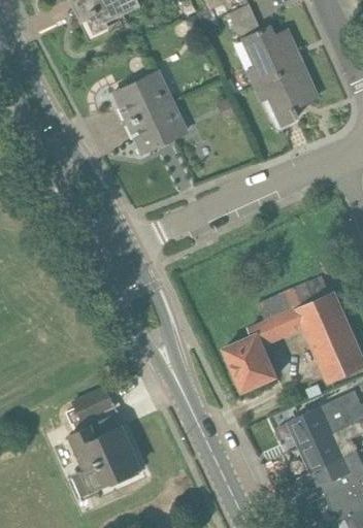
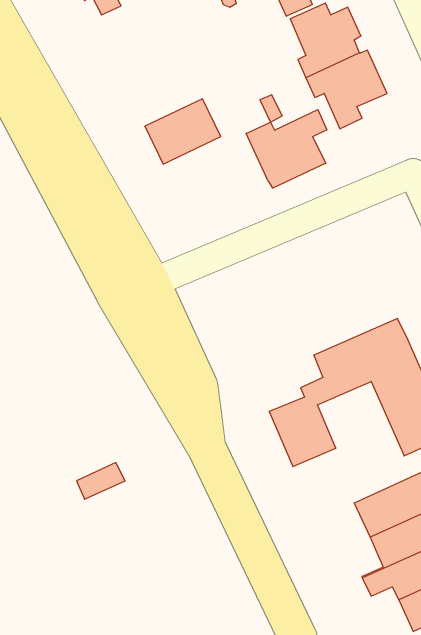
building: [112,73,171,124] -> none
building: none -> [246,110,327,188]
building: [68,415,138,495] -> none

